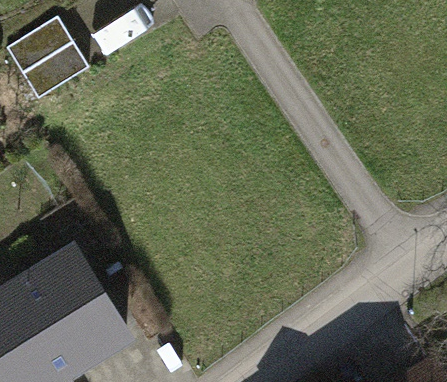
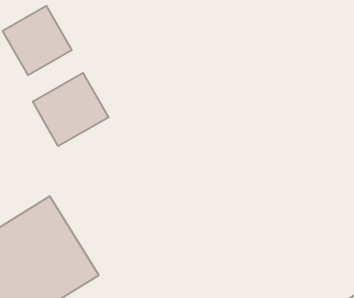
building: none -> [33,73,109,146]

